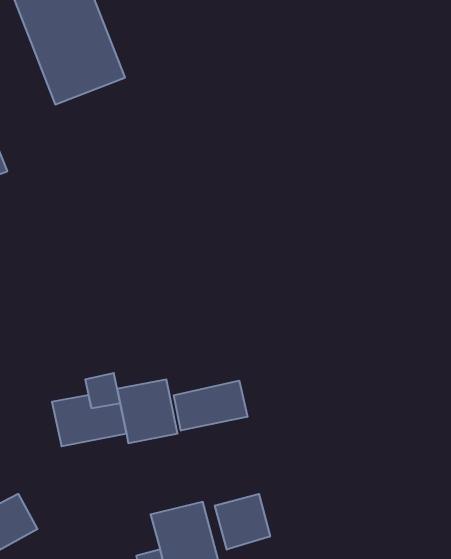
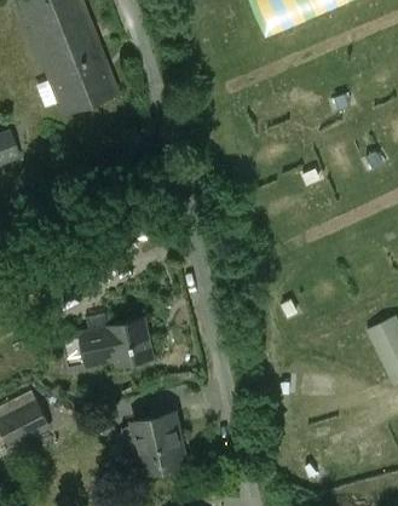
building: [174,381,247,431] -> none
building: [215,494,270,550] -> none

